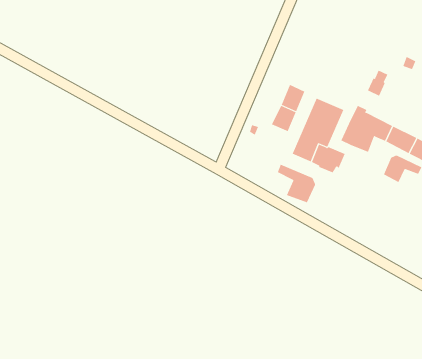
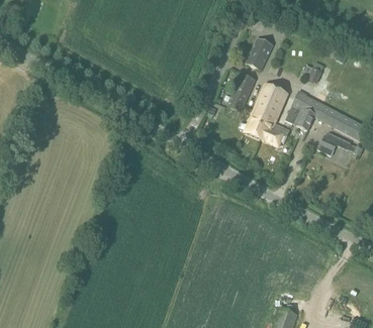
building: none -> [247,37,273,70]
building: [277,164,316,203] -> none

